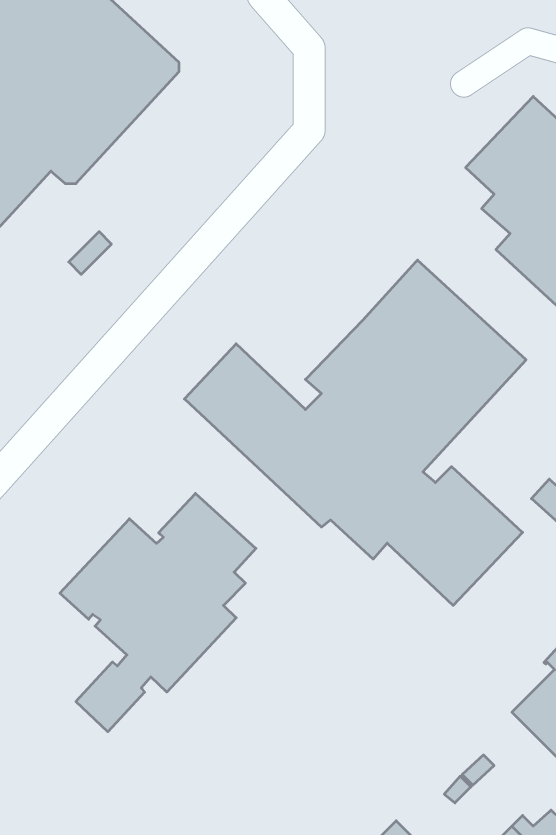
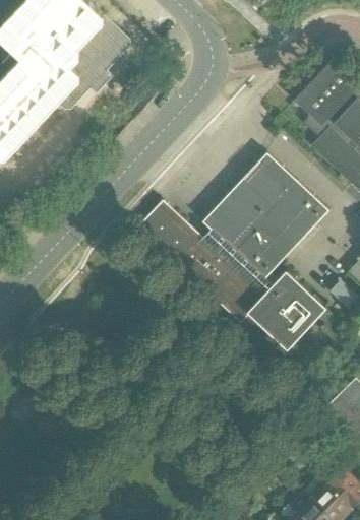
building: [60,493,256,732] -> none

